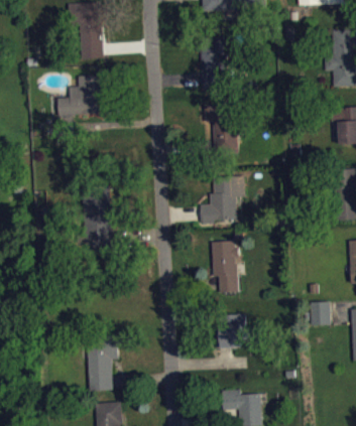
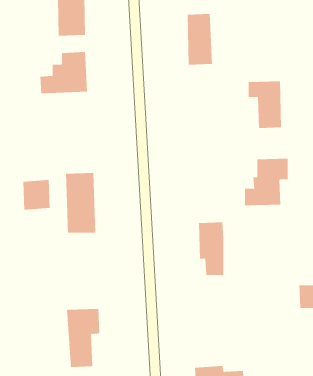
building: [204,108,237,154] -> [248,81,282,128]
building: [201,178,244,225] -> [244,158,288,206]
building: none -> [23,179,50,210]
building: [217,316,246,350] -> none

